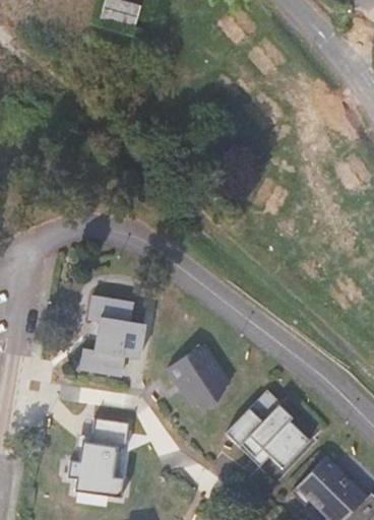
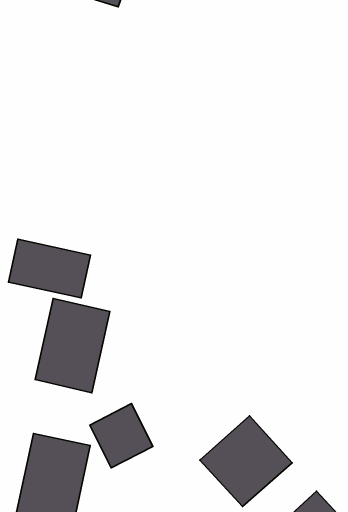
building: none -> [8,239,91,298]
building: [170,349,228,408] -> [90,404,153,468]

